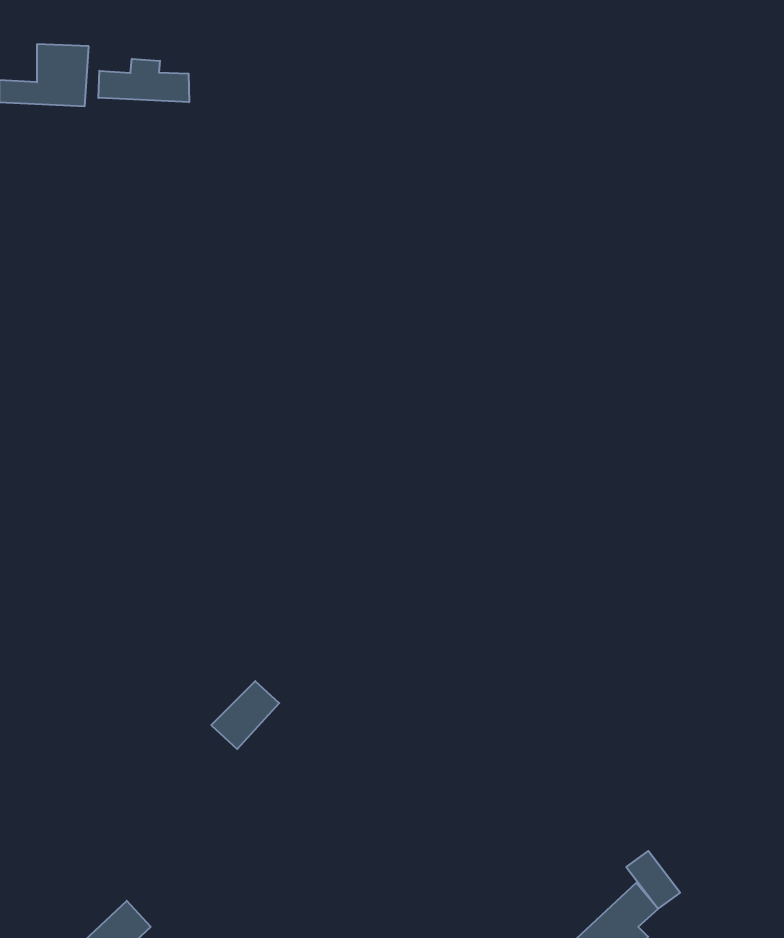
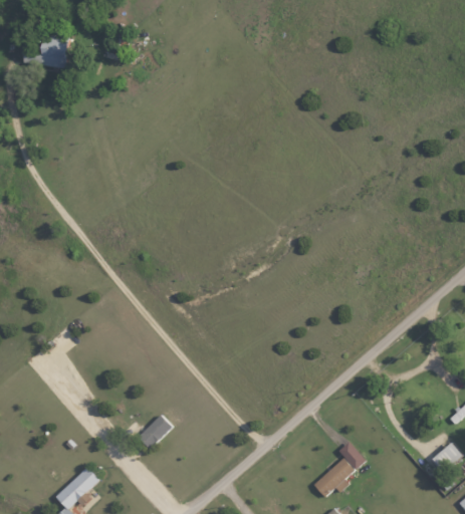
building: [98,59,189,102] -> none
building: [211,681,279,749] -> [138,414,172,448]

